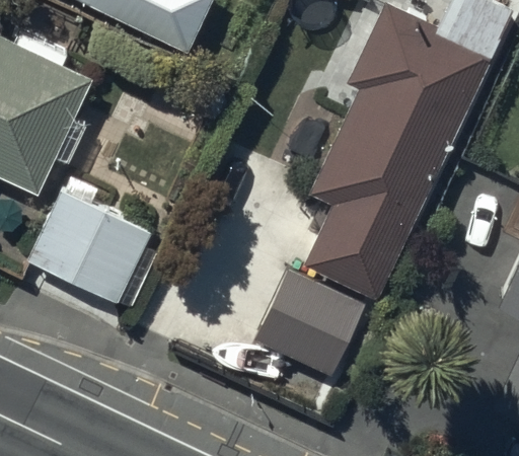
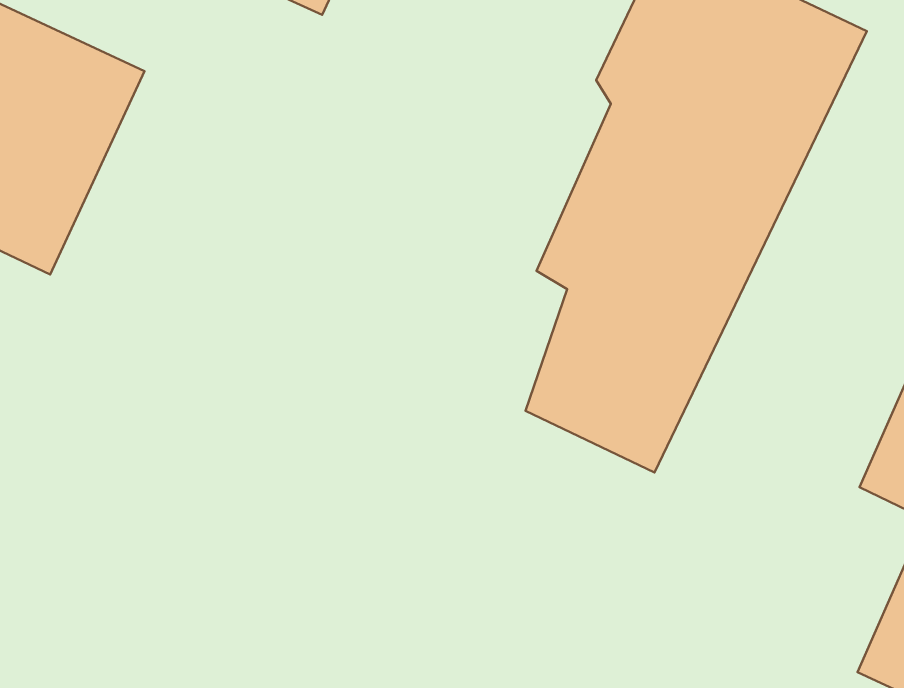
building: [31,193,155,303] -> none
building: [258,271,365,375] -> none

